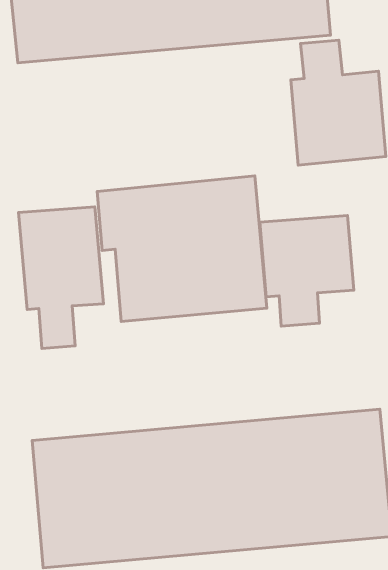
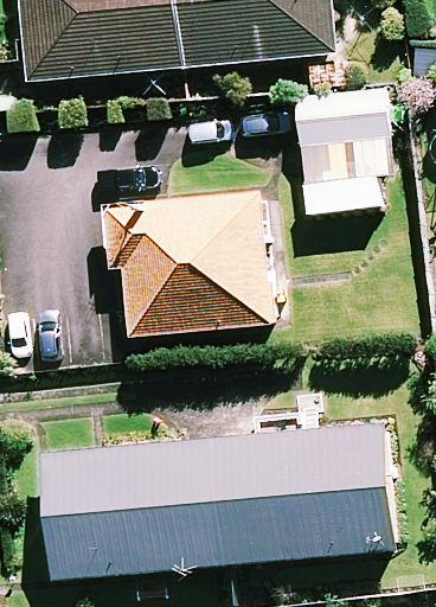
building: [19,207,104,348] -> none
building: [260,216,354,326] -> none

